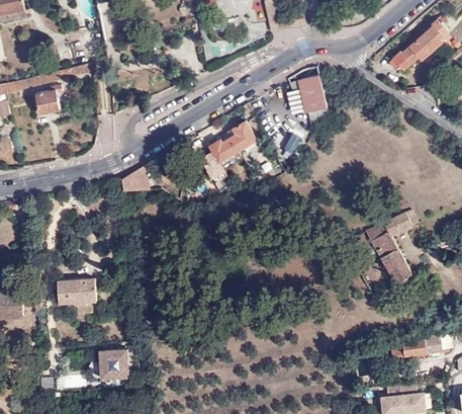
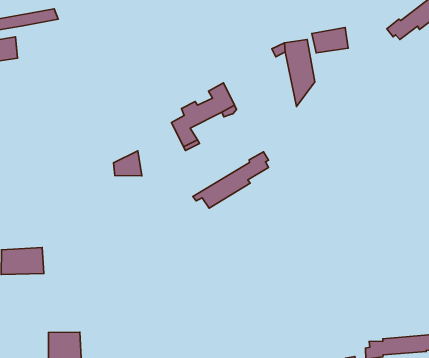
building: none -> [312,27,348,53]
building: [121,167,148,190] -> [113,151,142,176]
building: none -> [193,152,269,208]
building: [366,210,417,280] -> none

